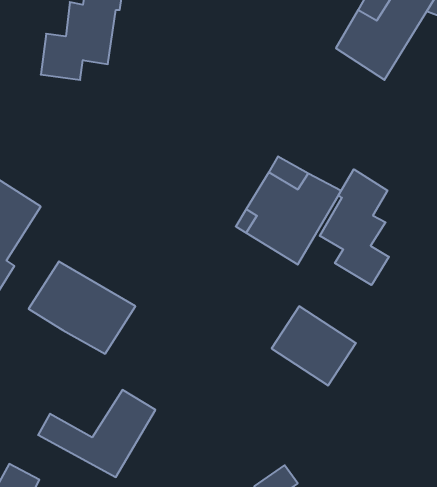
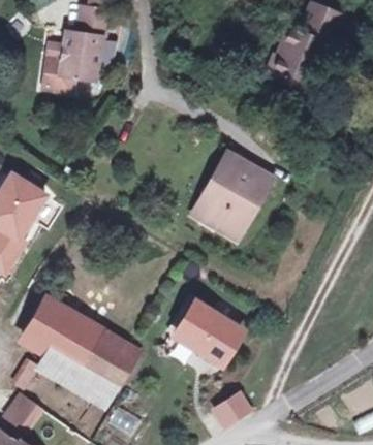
building: [320,169,389,285] -> none
building: [29,261,135,354] -> [23,298,106,371]
building: [272,306,356,385] -> [177,305,243,367]

